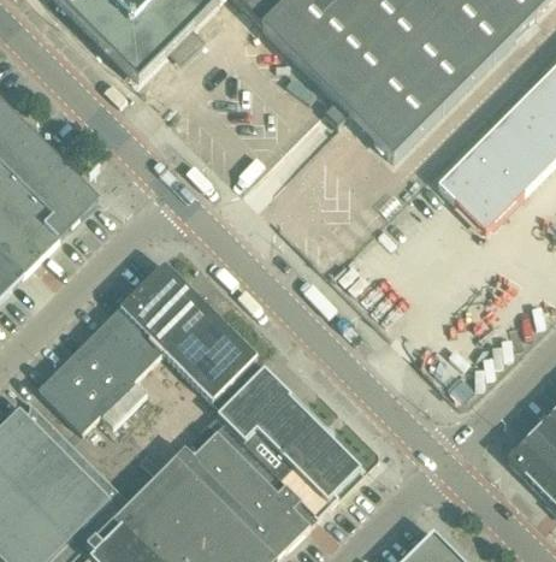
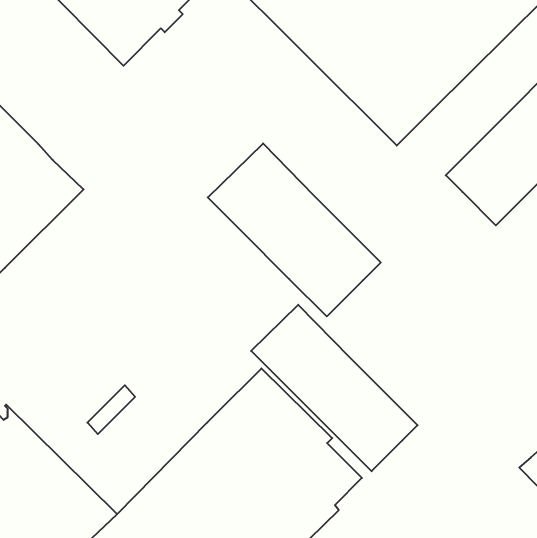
building: none -> [208,143,381,316]
building: [37,262,265,432] -> none
building: none -> [251,305,418,471]

